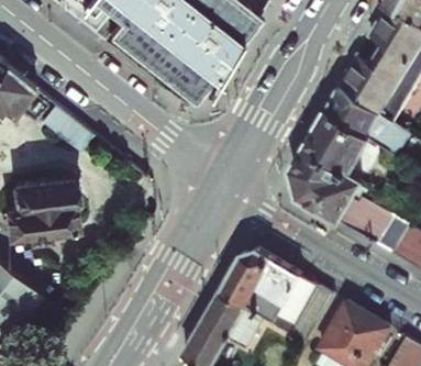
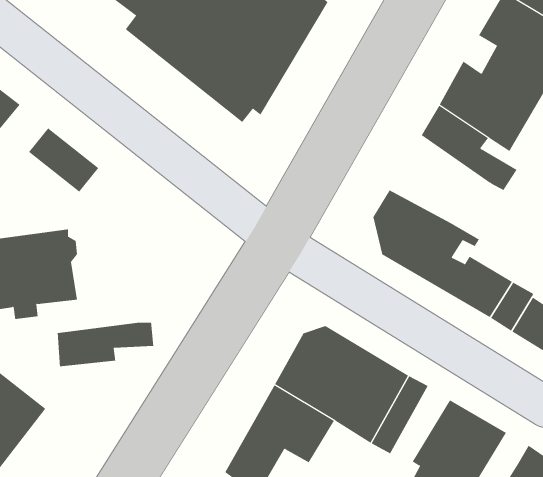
building: [304,110,378,174] -> none
building: none -> [57,322,154,367]

